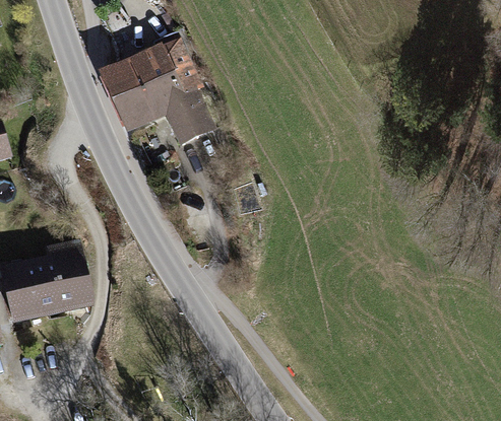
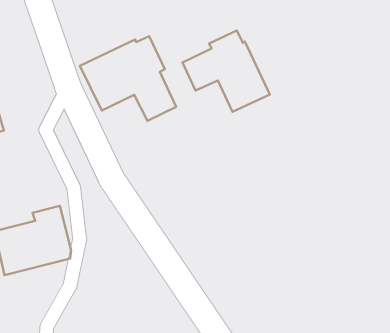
building: none -> [183,30,270,112]

